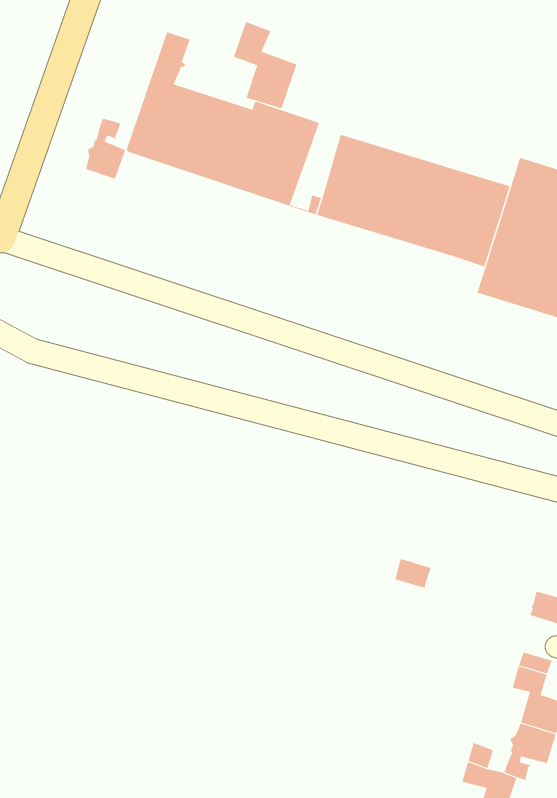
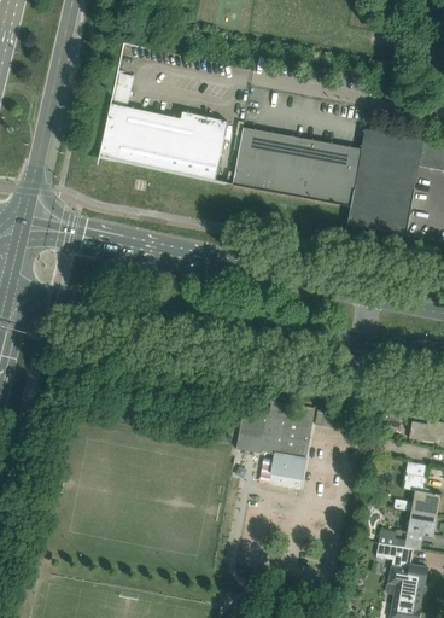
building: [233,21,297,109] -> none
building: [85,118,126,180] -> none
building: none -> [236,400,315,489]

